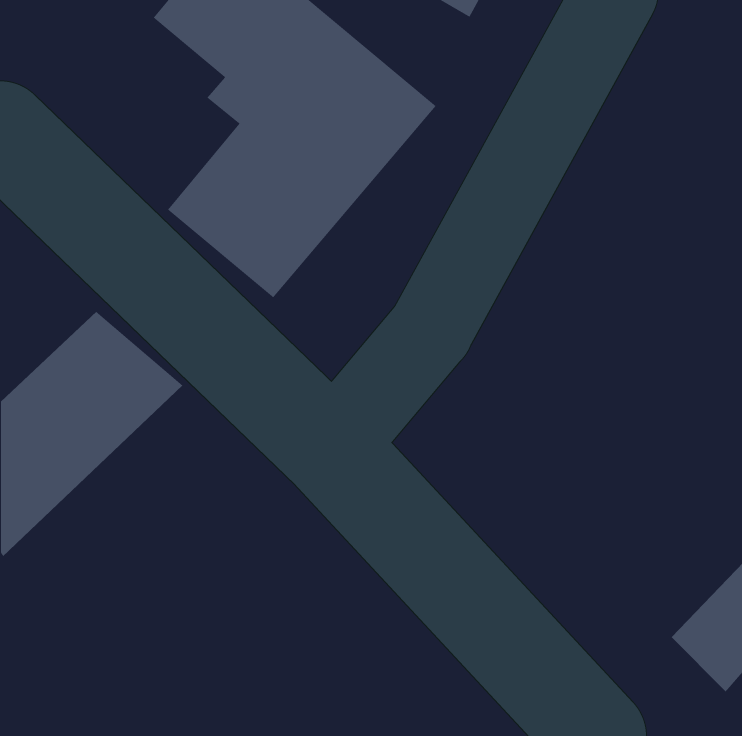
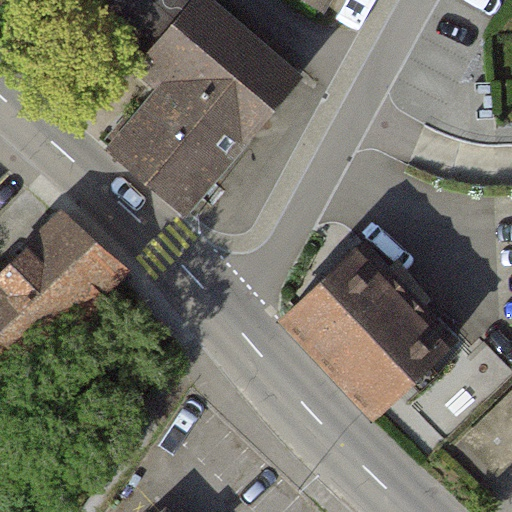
building: none -> [281,245,450,416]

